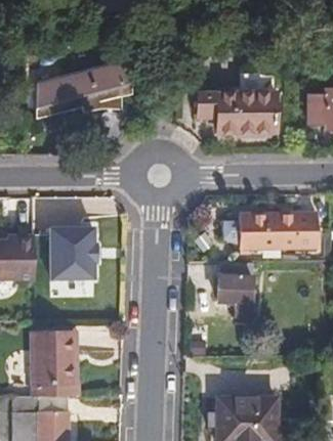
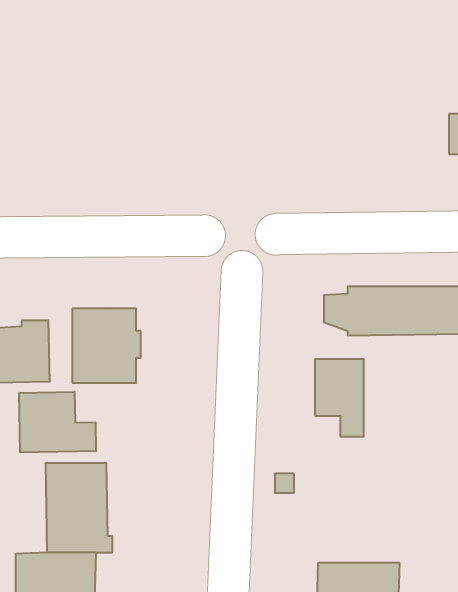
building: [35,58,131,118] -> none
building: [198,93,276,133] -> none
building: none -> [19,392,96,452]

